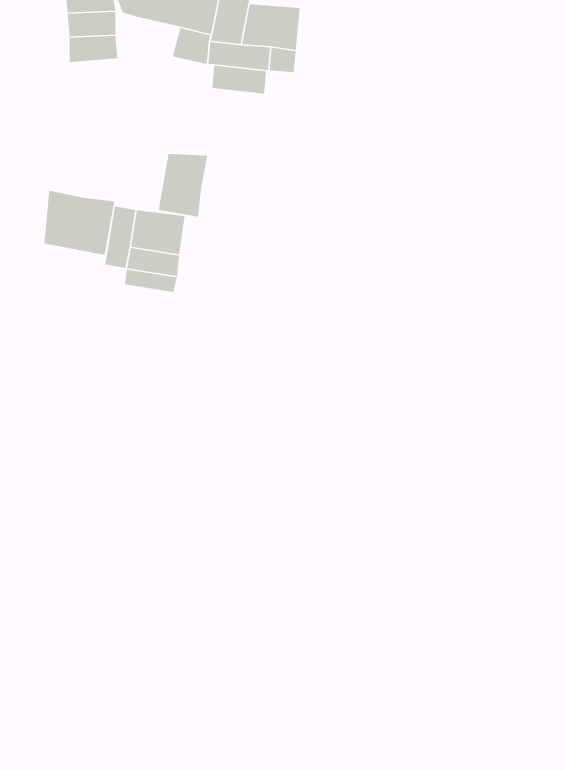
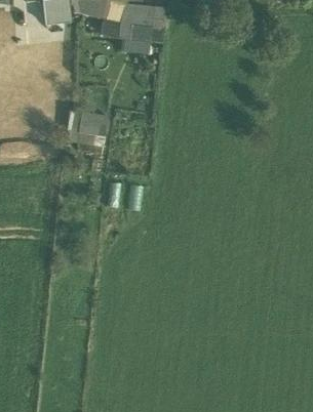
building: [158,153,208,218] -> none
building: [44,190,115,256] -> none

